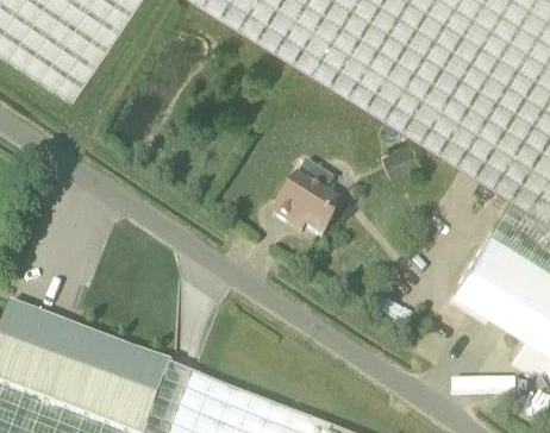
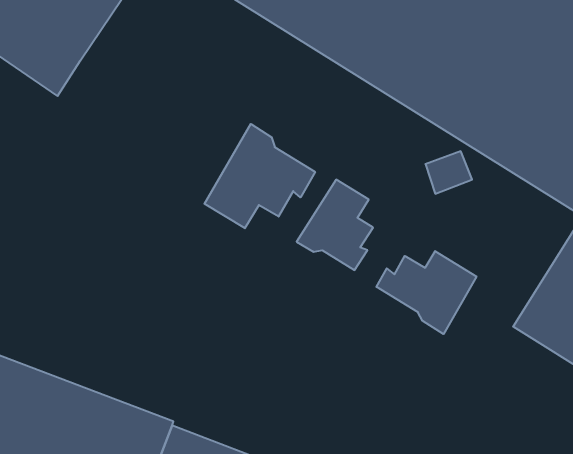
building: none -> [204,124,315,228]
building: none -> [376,251,476,334]

